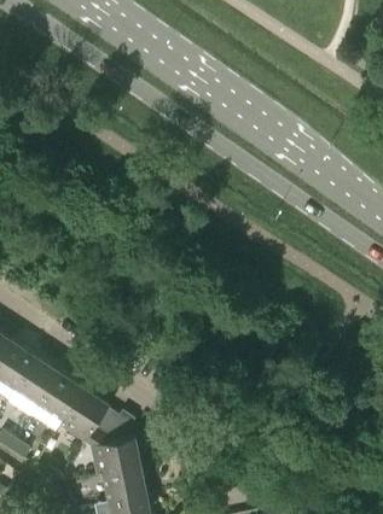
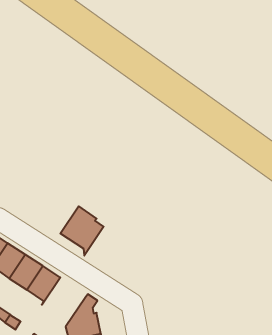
building: [59,389,118,456] -> [60,206,104,256]

